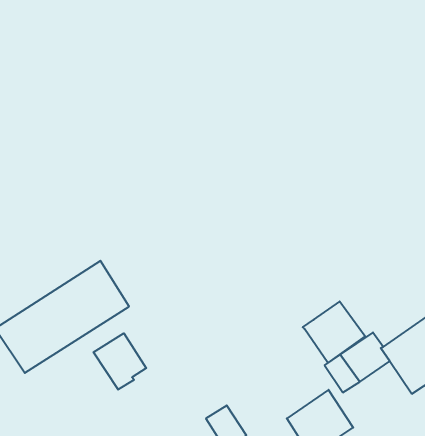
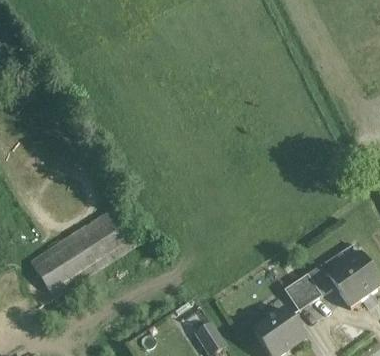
building: [303,301,365,363] -> none
building: [94,333,146,390] -> none

